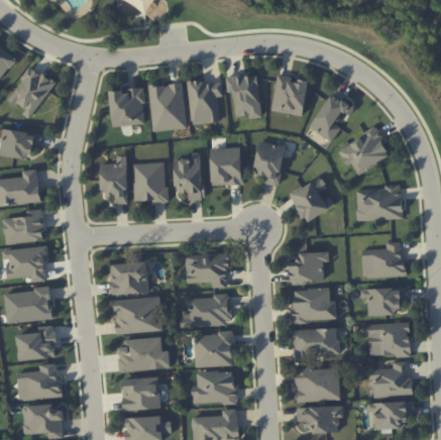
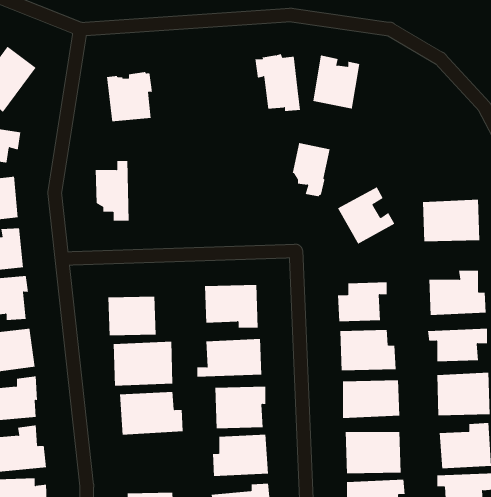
building: [187,80,222,125] -> none
building: [148,83,187,131] -> none
building: [309,94,354,142] -> none
building: [337,129,390,173] -> none
building: [210,147,244,186] -> none
building: [174,152,204,200] -> none
building: [132,162,169,203] -> none
building: [122,377,159,410] -> none

